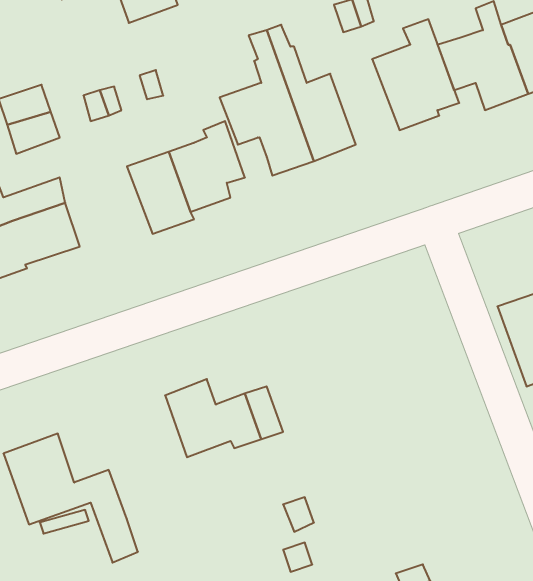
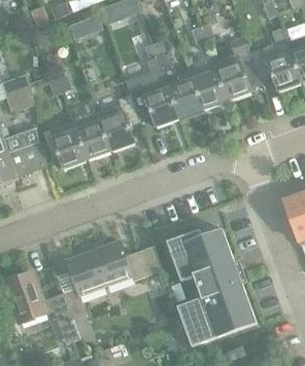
building: none -> [189,60,228,108]
building: none -> [42,120,88,168]
building: none -> [166,227,257,345]
building: none -> [63,250,107,320]

